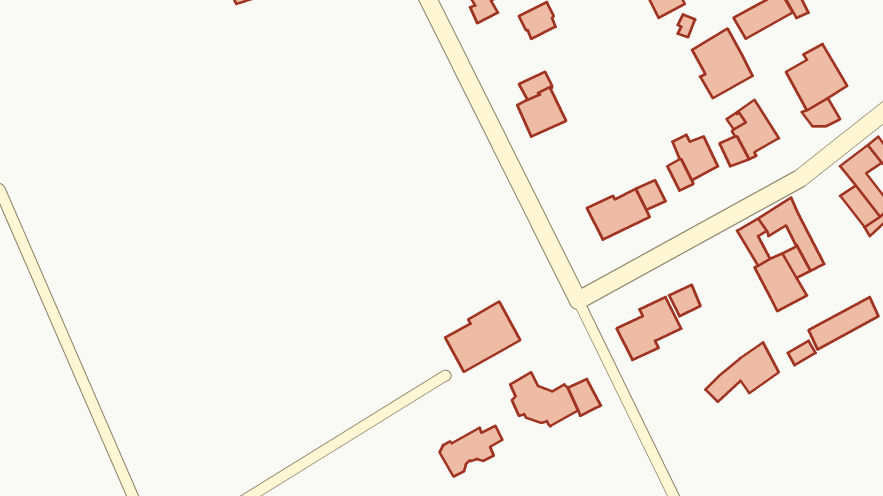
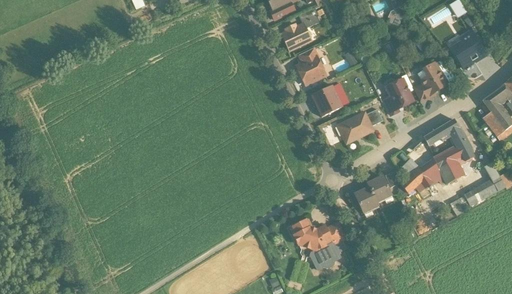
building: [692,29,753,98] -> none
building: none -> [282,23,311,50]
building: none -> [312,85,343,117]
building: [445,302,520,372] -> none
building: [705,342,779,402] -> [401,159,443,193]
building: [440,426,502,476] -> [310,240,346,269]

